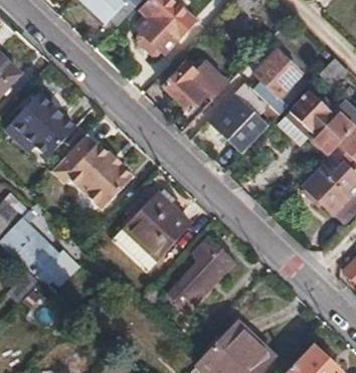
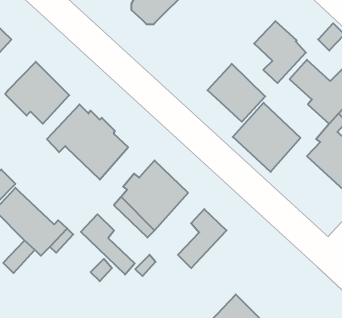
building: [164,61,228,112] -> none
building: none -> [233,103,300,172]
building: none -> [81,214,135,275]

